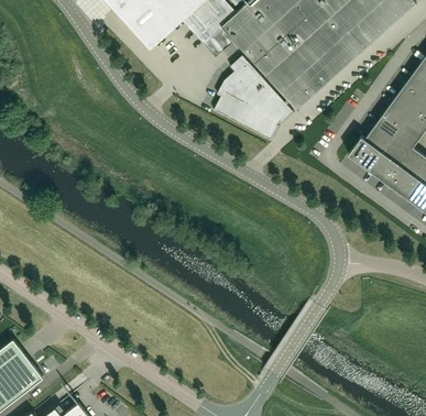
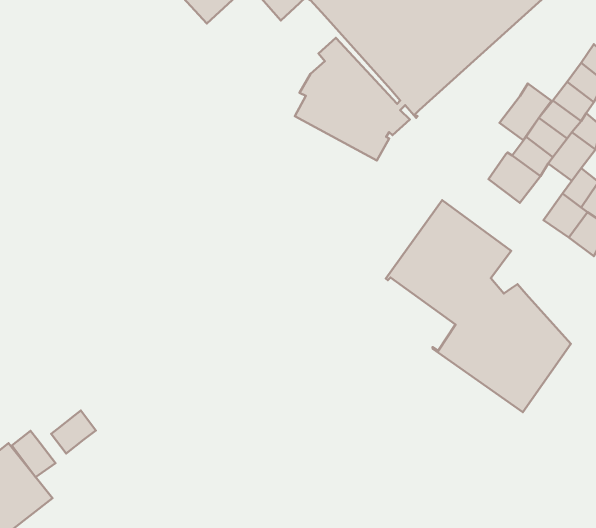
building: [370,144,406,184] -> [500,83,552,140]
building: none -> [386,200,571,412]
building: none -> [51,411,96,453]
building: none -> [12,431,56,477]

